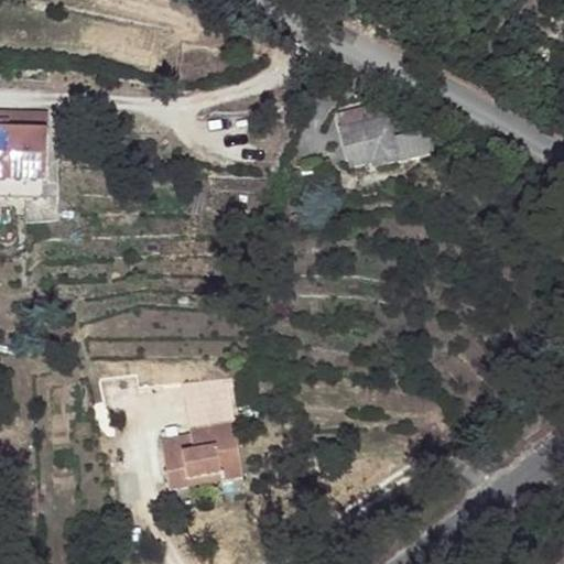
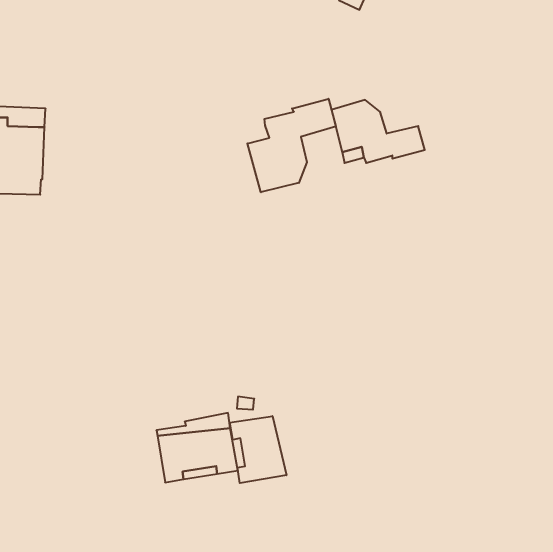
building: none -> [247,99,336,192]
building: none -> [230,416,286,483]

